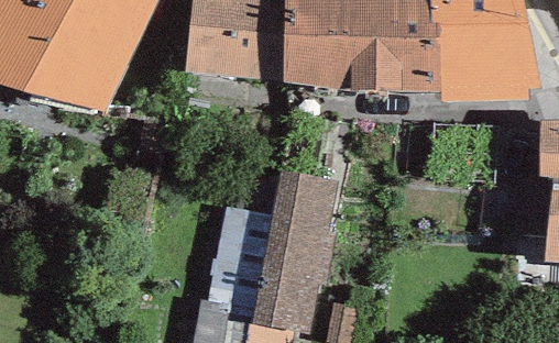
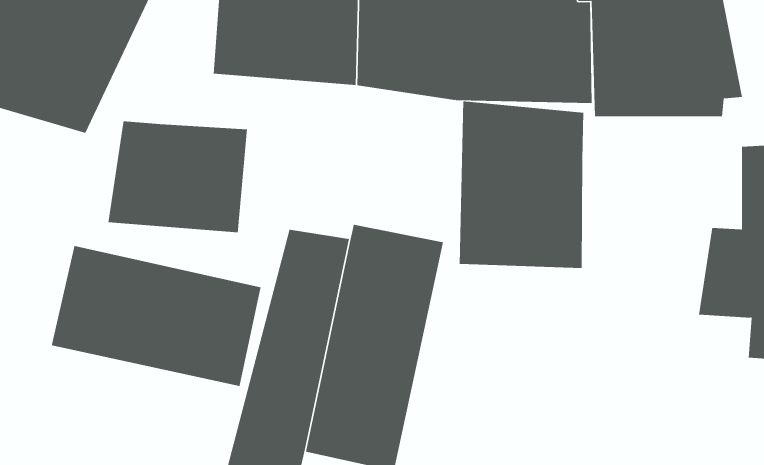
building: none -> [459,101,584,269]
building: none -> [108,120,247,233]
building: none -> [51,245,261,387]

